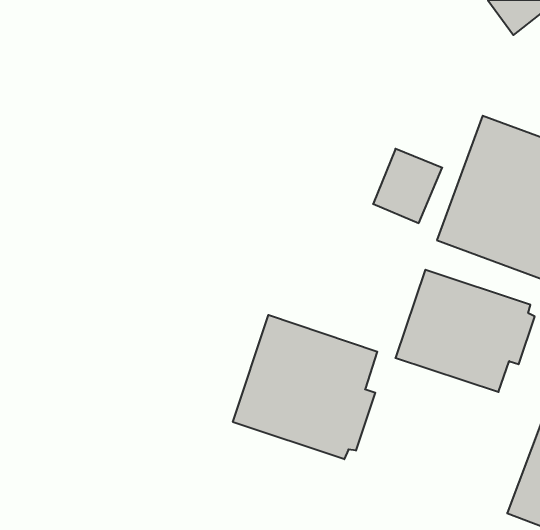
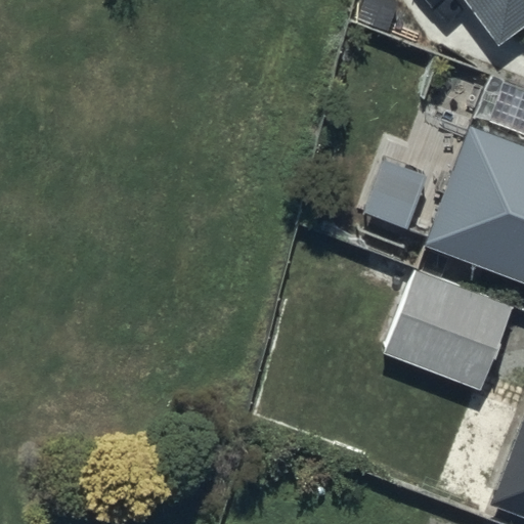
building: [233,315,377,459] -> none

